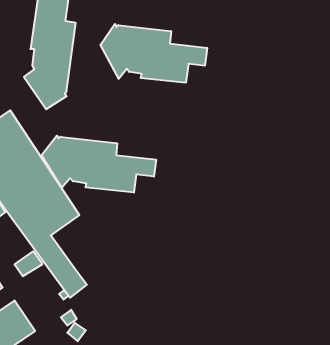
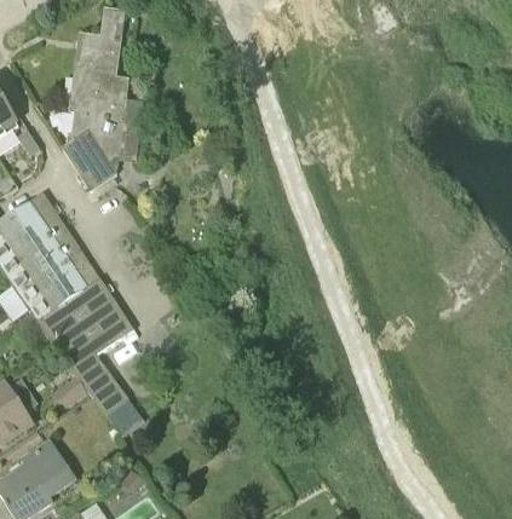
building: [100,24,207,83] -> none
building: [42,136,156,193] -> none

